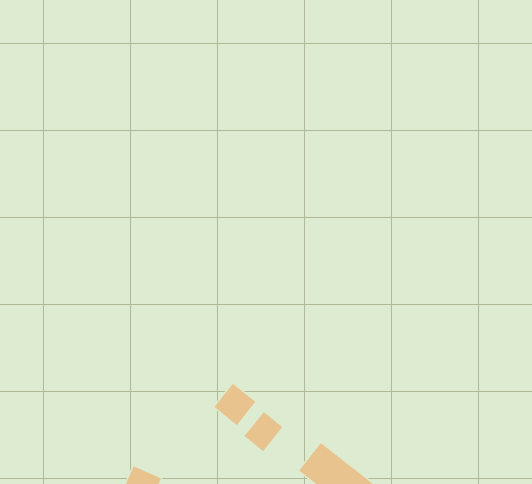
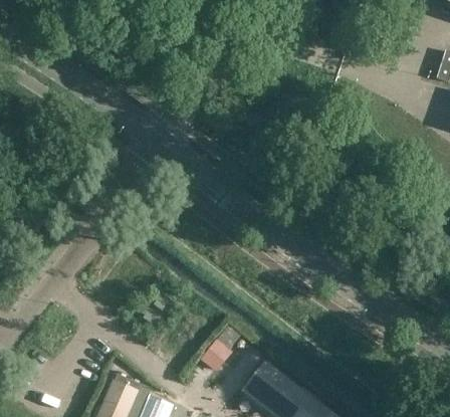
building: [213,383,256,426] -> none

